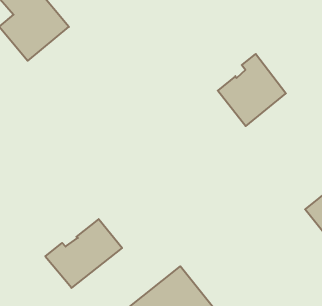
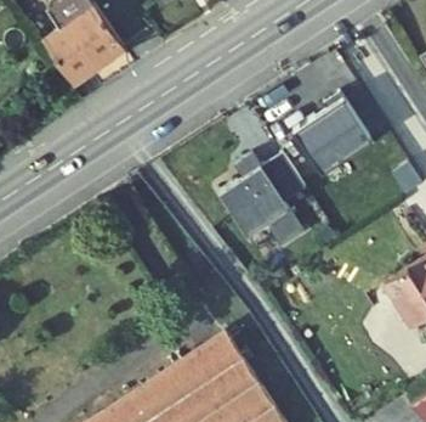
building: none -> [218,158,305,253]
building: [45,219,122,288] -> none

